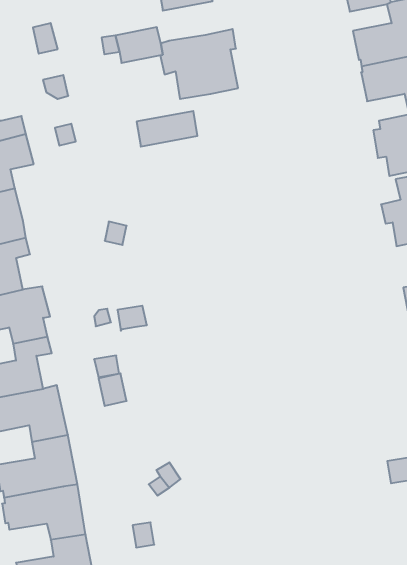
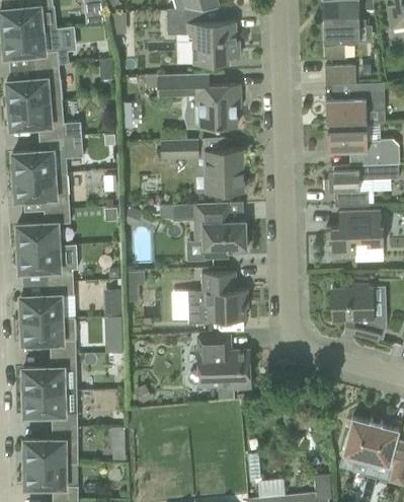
building: none -> [205,149,243,193]
building: none -> [159,202,246,258]
building: none -> [187,272,247,324]
building: none -> [187,336,250,387]

